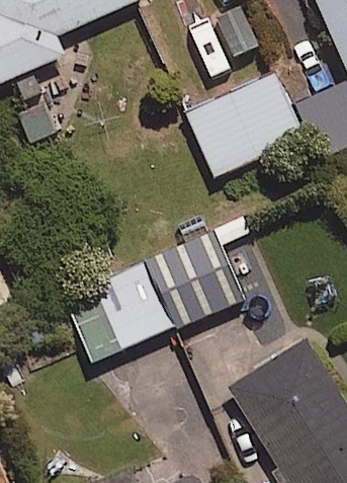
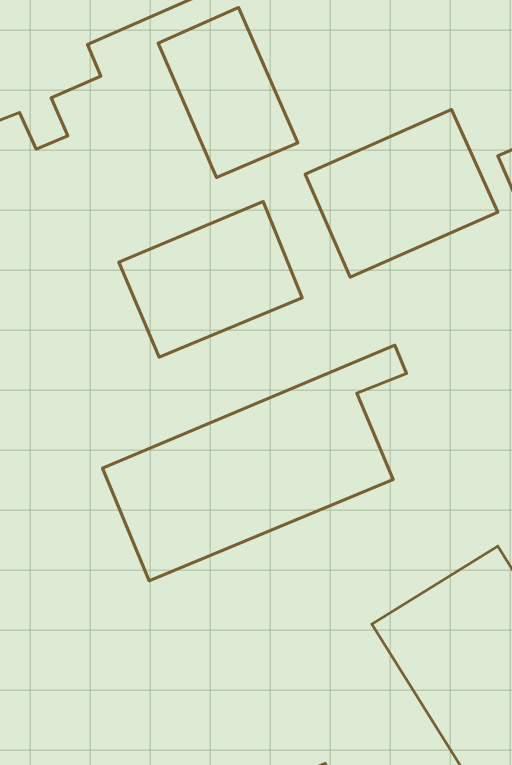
building: none -> [158,8,298,177]
building: none -> [119,202,302,357]

